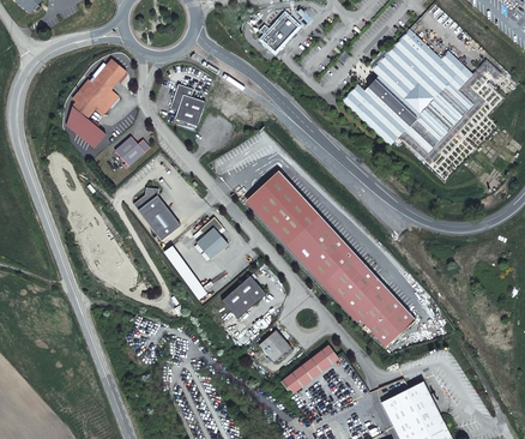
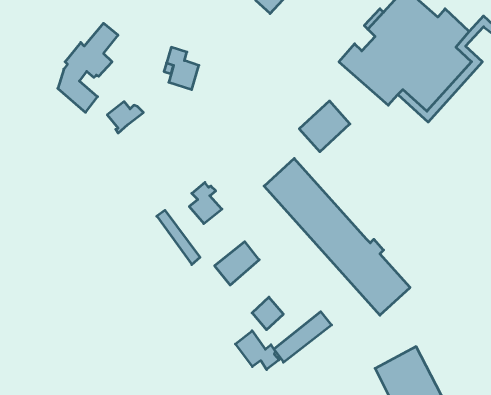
building: [249,172,300,222] -> [299,101,350,152]
building: [133,187,180,241] -> none
building: none -> [235,331,279,370]

